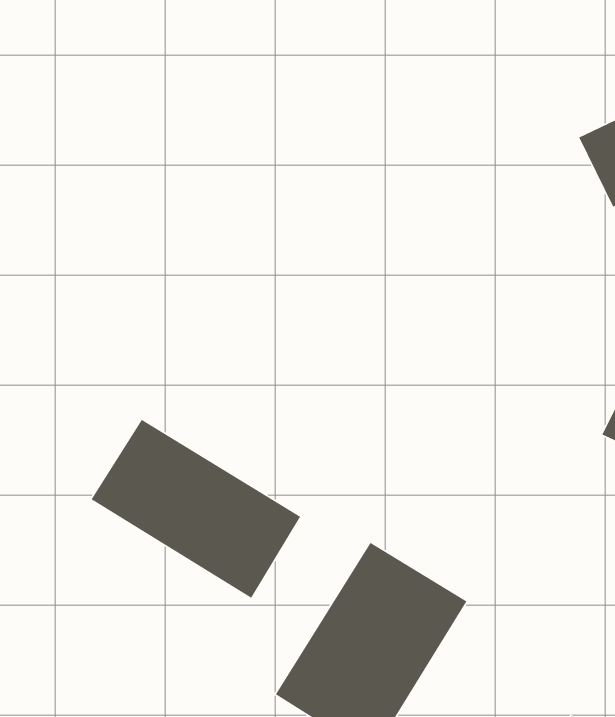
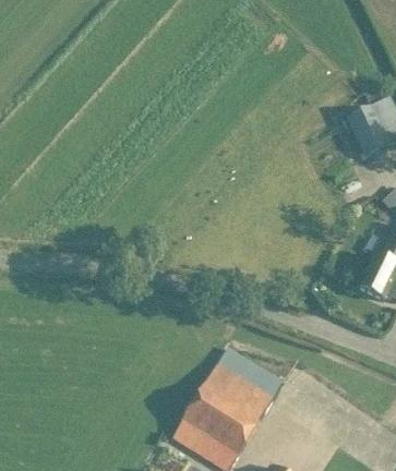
building: [91,419,301,599] -> none

